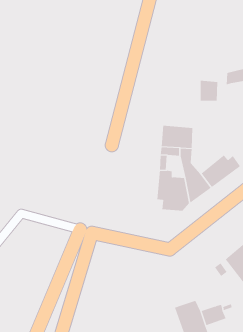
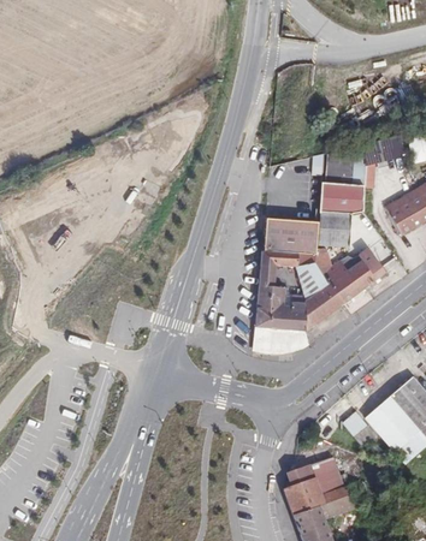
building: none -> [319,184,361,213]
building: none -> [319,218,347,249]
building: none -> [312,255,359,290]
building: none -> [291,450,347,488]

